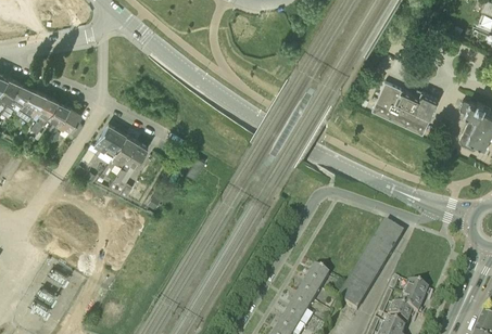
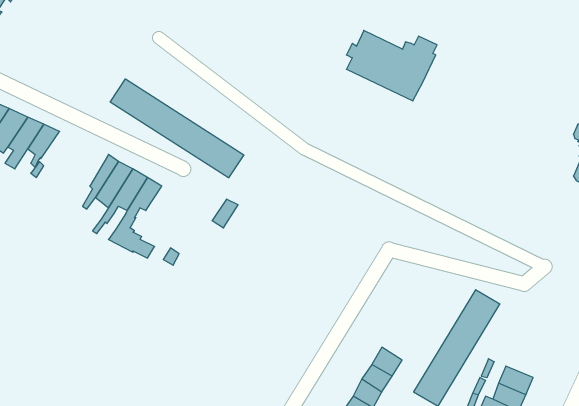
building: none -> [110,79,244,178]
building: [370,76,439,129] -> [346,30,437,101]
building: [55,101,83,131] -> none

